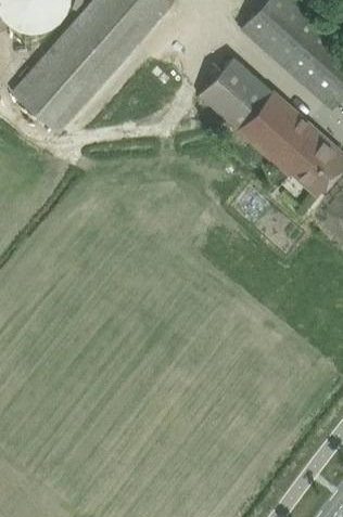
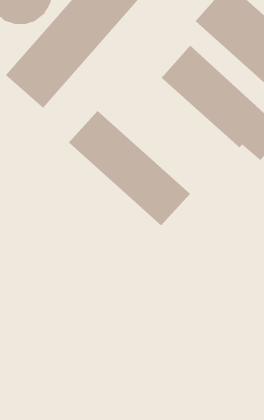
building: none -> [68,110,191,226]

